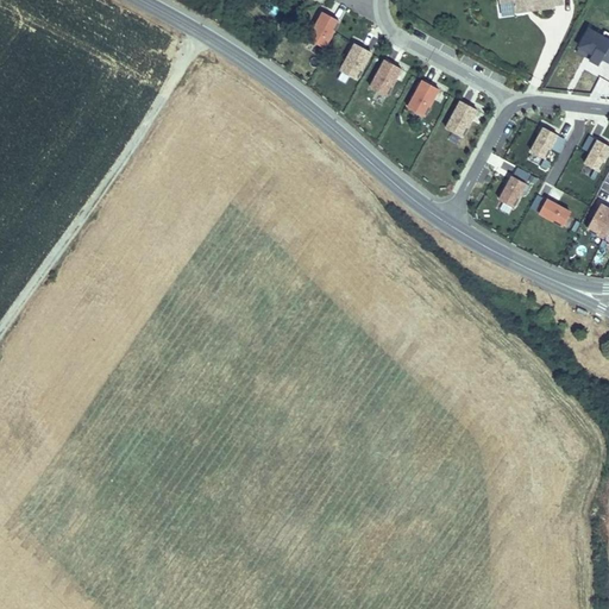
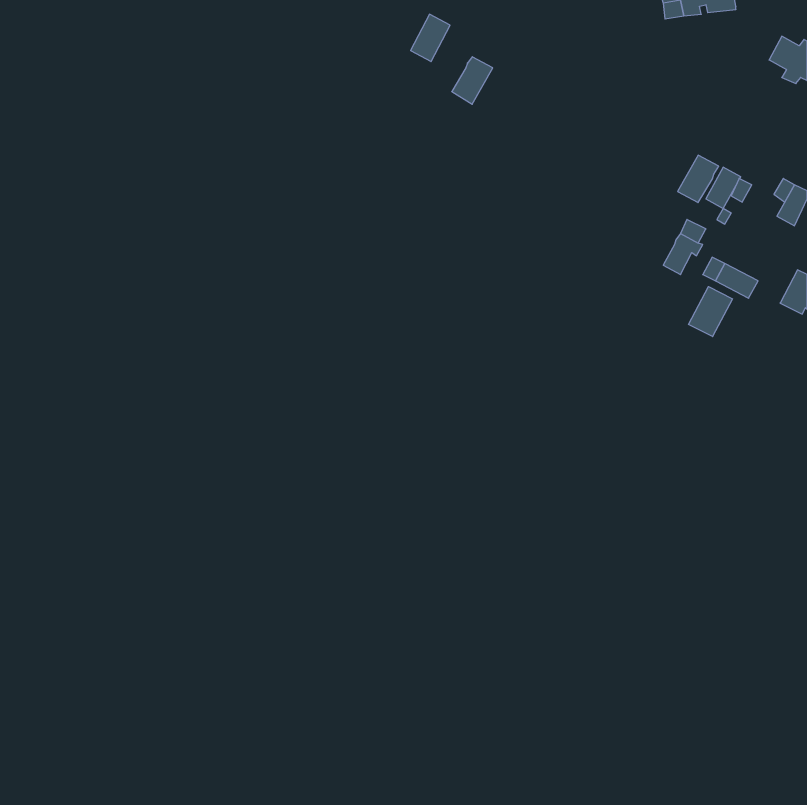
building: [371,58,402,95] -> none
building: [408,80,439,115] -> none
building: [446,100,477,136] -> [678,155,719,203]
building: none -> [689,287,732,337]

